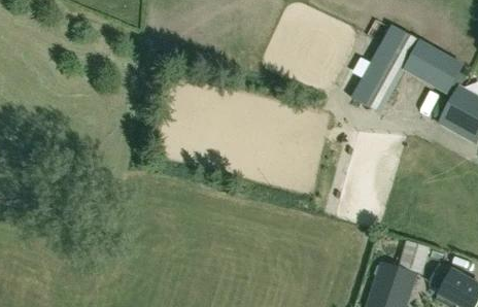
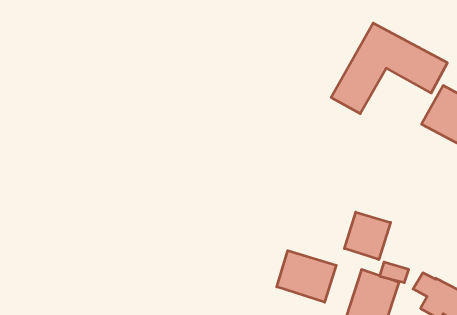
building: none -> [344,212,391,260]
building: none -> [277,251,336,302]

